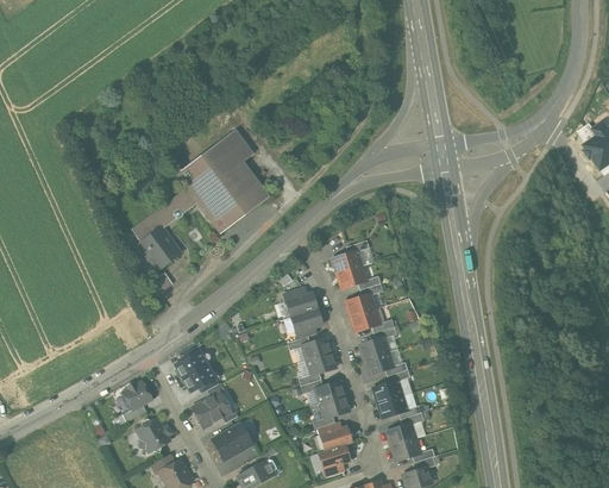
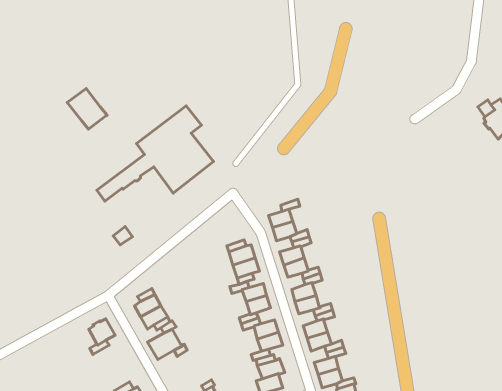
building: none -> [67,89,107,129]
building: [138,226,181,265] -> none
building: [137,418,171,451] -> none
building: [213,423,253,459] -> none

